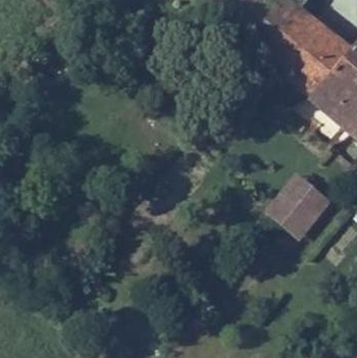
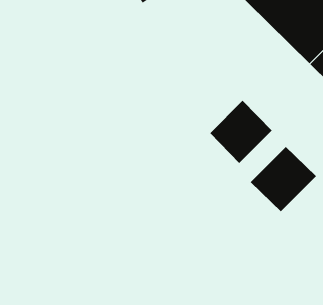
building: none -> [209,100,272,164]

